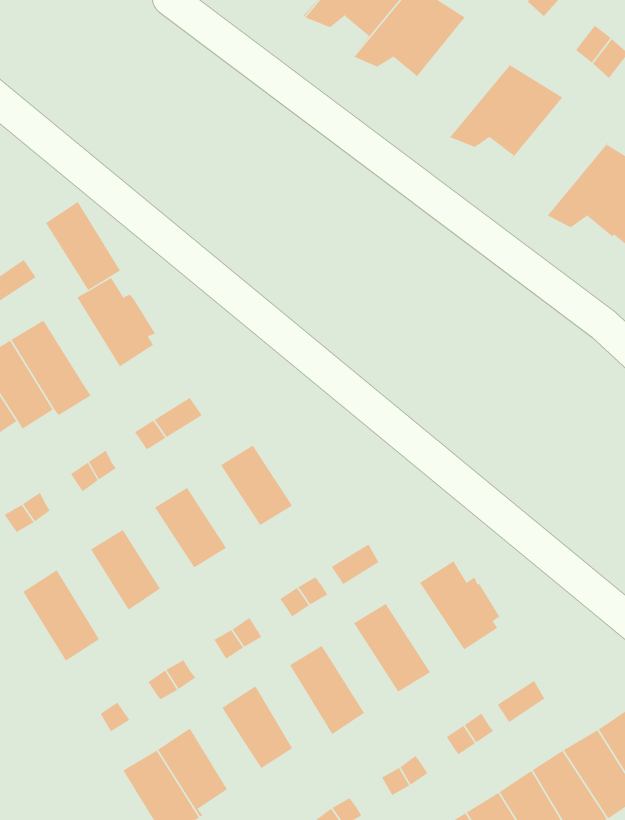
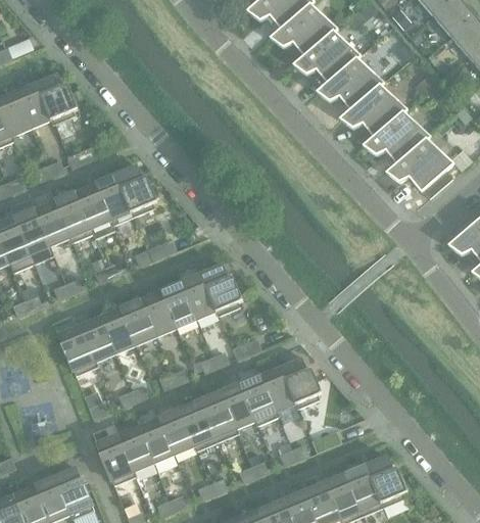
building: none -> [317,54,383,120]
building: none -> [363,108,430,173]
building: [45,201,121,291] -> [95,174,133,225]
building: none -> [200,264,242,316]
building: none -> [159,281,196,328]
building: none -> [119,298,155,344]
building: none -> [79,316,114,362]
building: none -> [259,366,298,417]
building: none -> [220,382,257,433]
building: none -> [179,399,217,450]
building: none -> [138,417,174,463]

